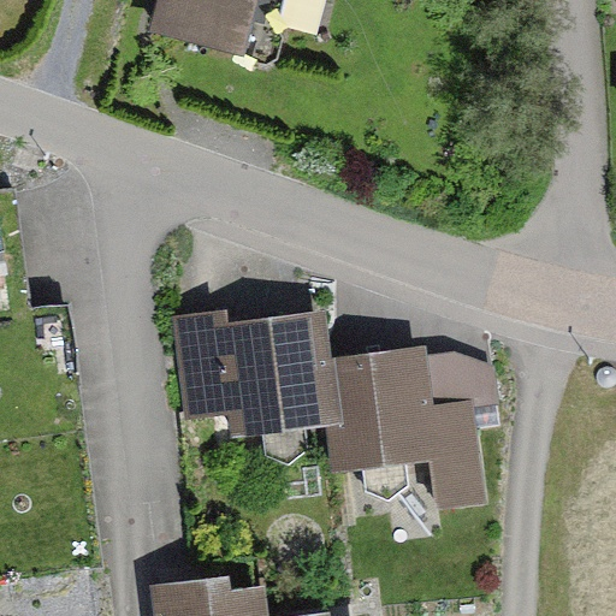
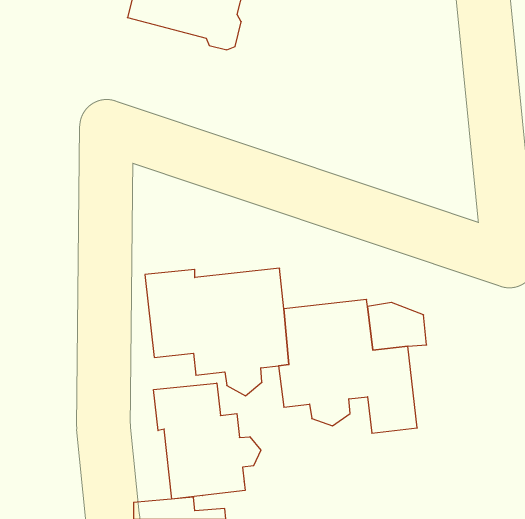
building: none -> [154,383,261,499]

